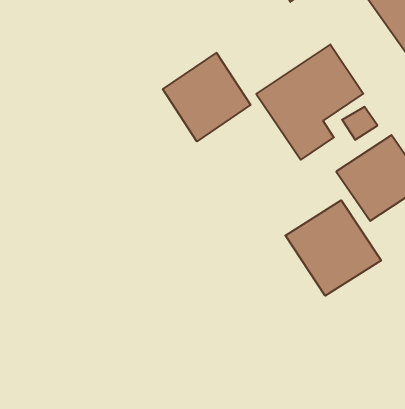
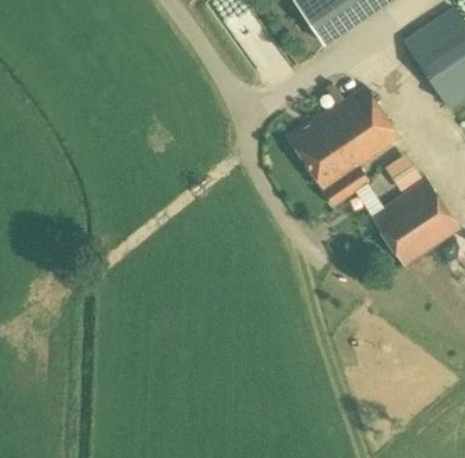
building: [163,53,250,141] -> none
building: [285,200,381,296] -> none

